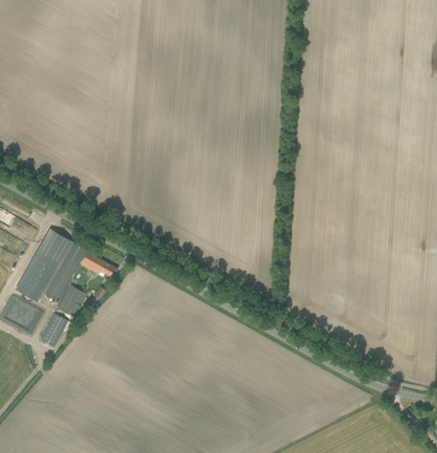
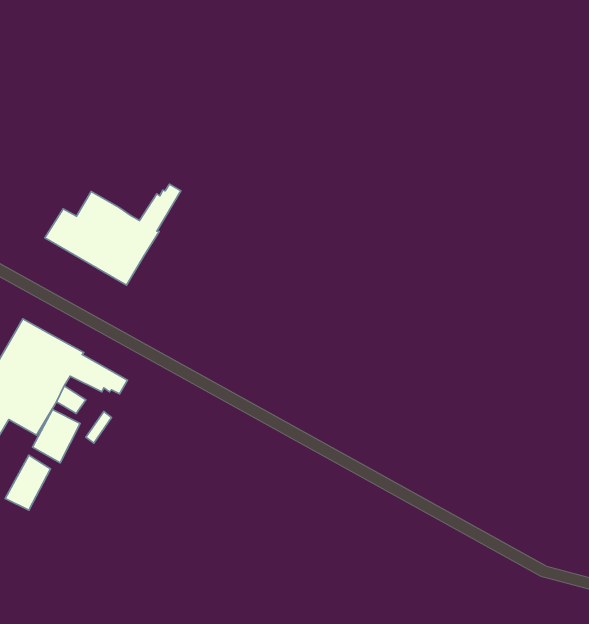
building: none -> [45,184,181,285]

